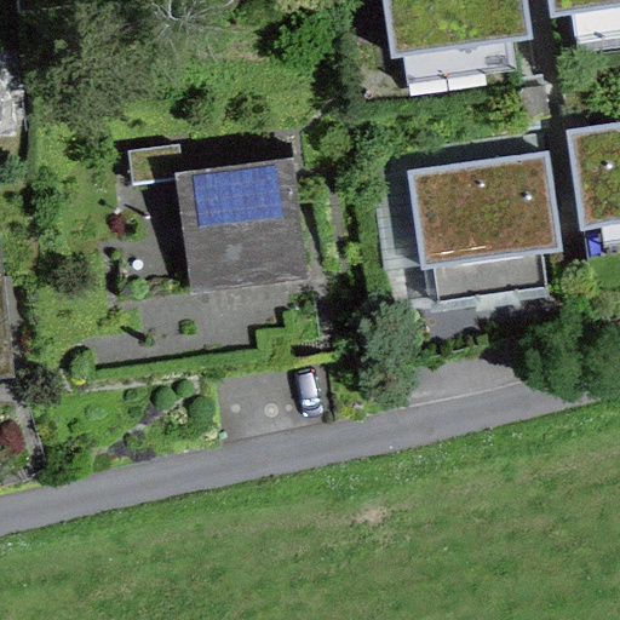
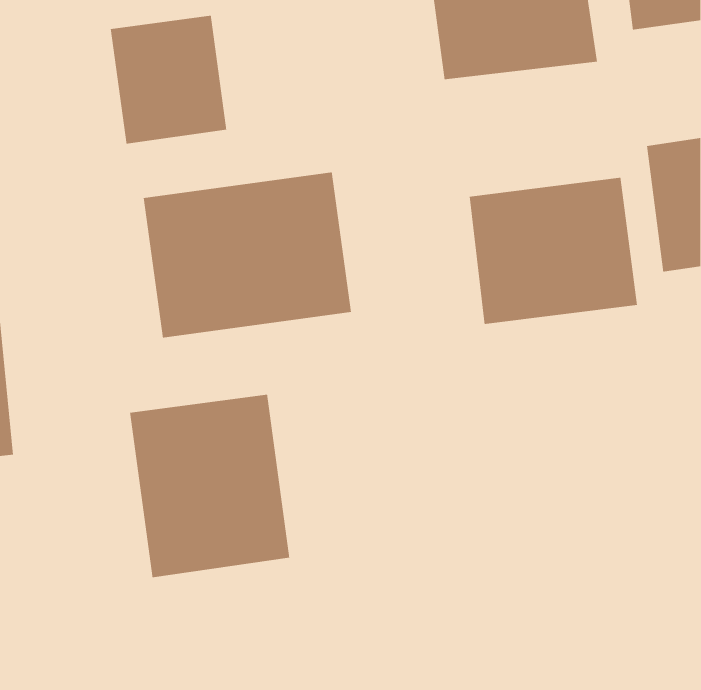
building: none -> [110,15,227,145]
building: none -> [129,394,290,578]

